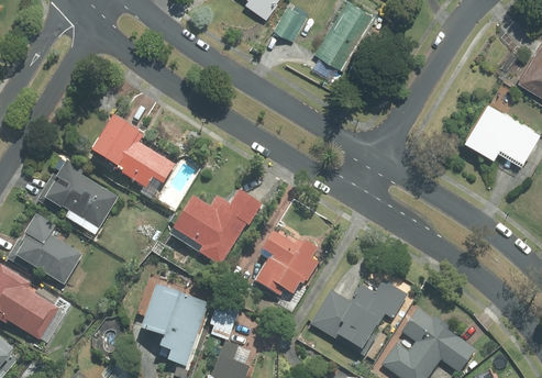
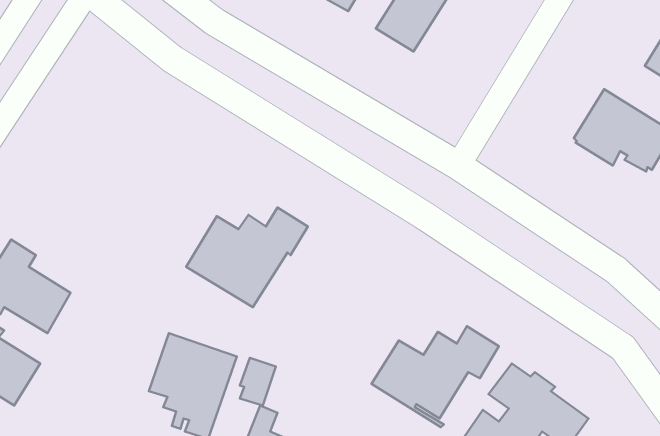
building: [92,115,175,188] -> none
building: [35,155,118,234] -> none
building: [256,231,324,296] -> none

